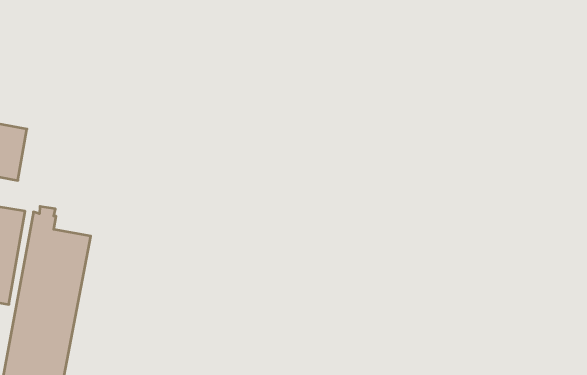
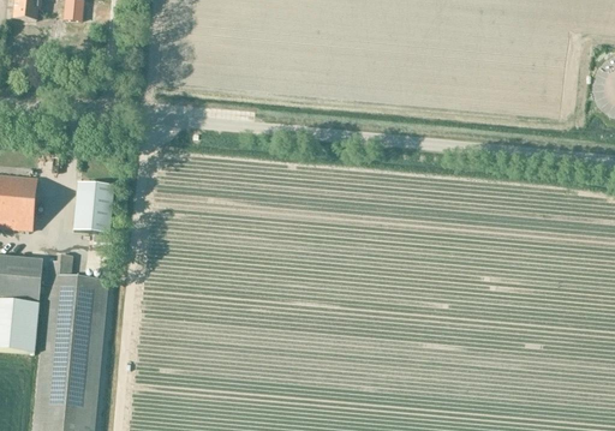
building: none -> [72,181,113,233]

